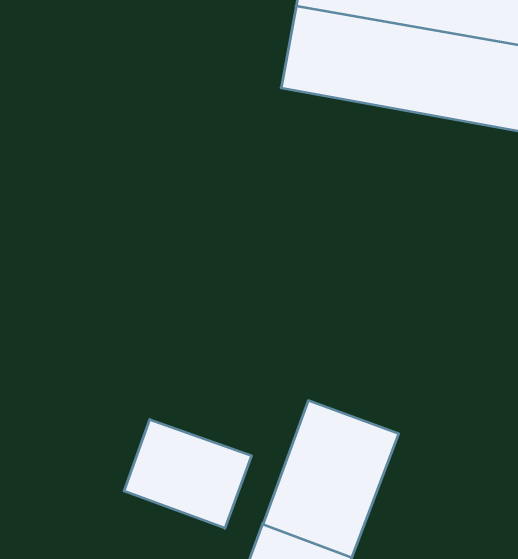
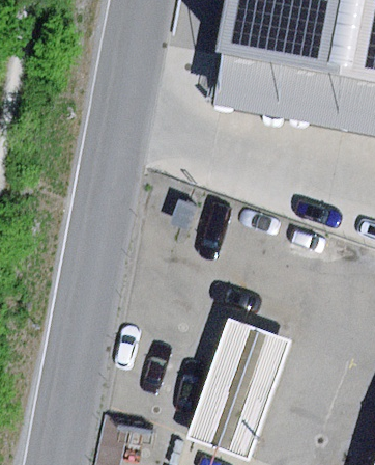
building: [124,419,251,528] -> none

